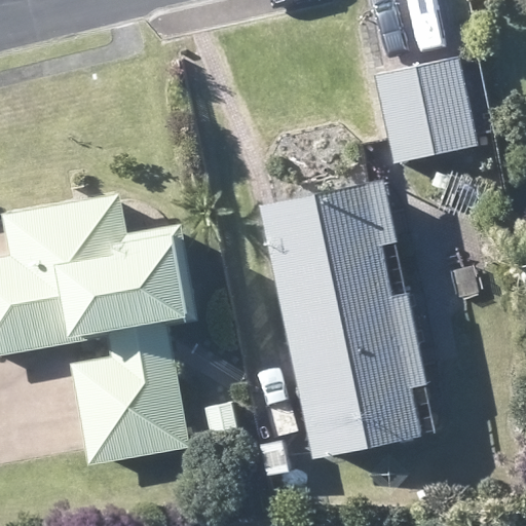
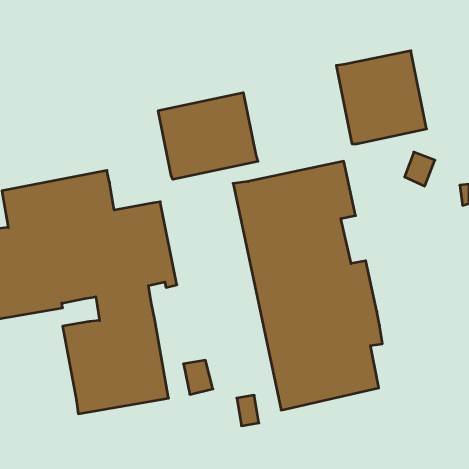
building: none -> [158,93,258,179]

